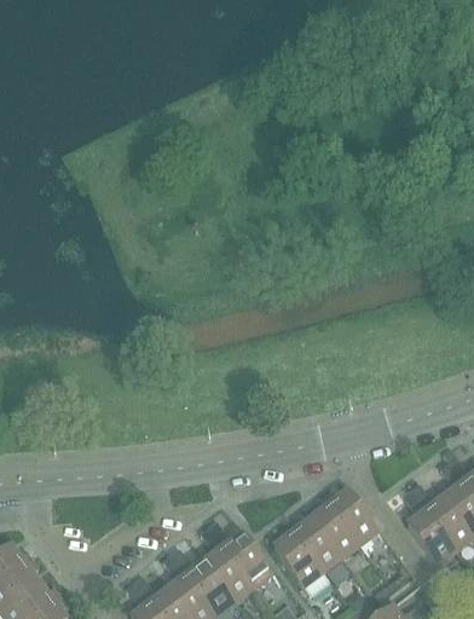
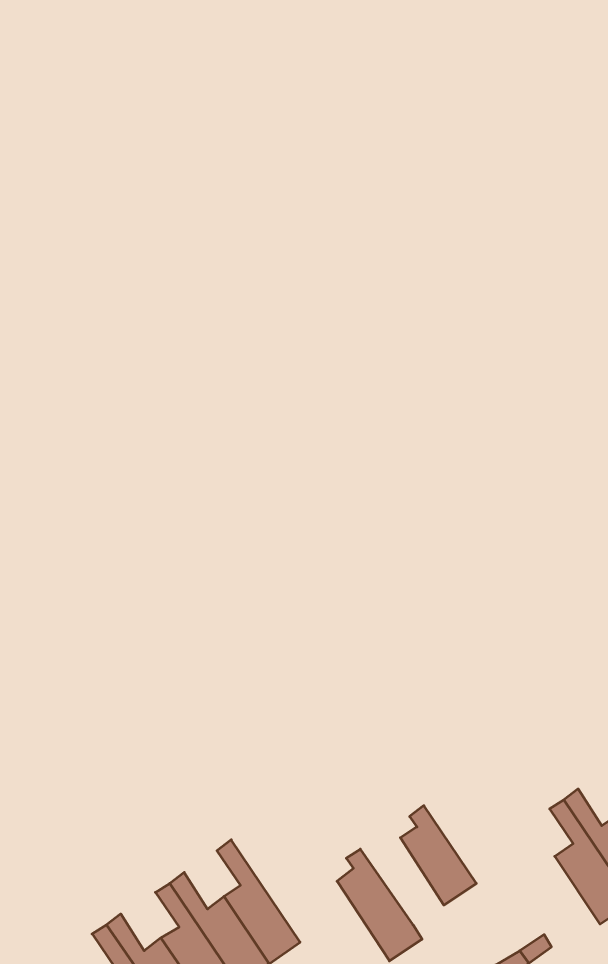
building: [325,493,380,548] -> none
building: [288,522,341,575] -> none
building: [208,523,273,590] -> none

